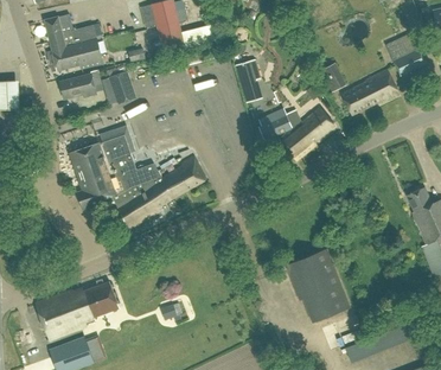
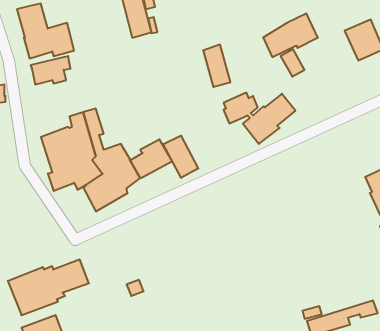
building: [108,69,136,103] -> none
building: [341,70,398,115] -> [263,14,318,57]
building: none -> [163,136,198,178]
building: [287,250,351,319] -> none

